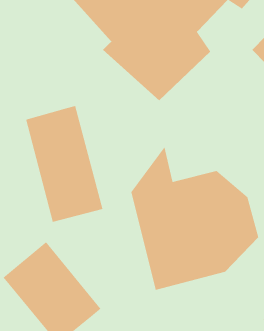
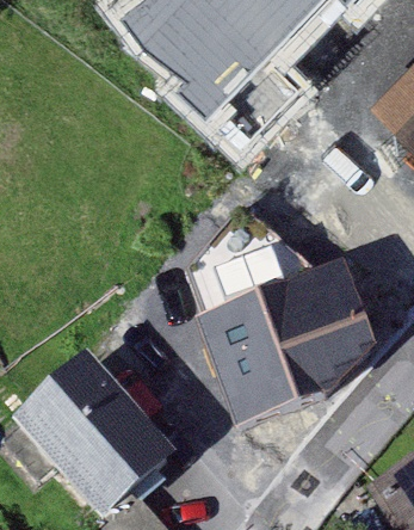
building: [25,105,103,223] -> none

